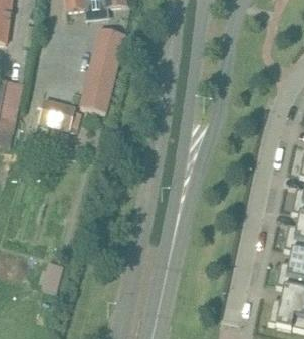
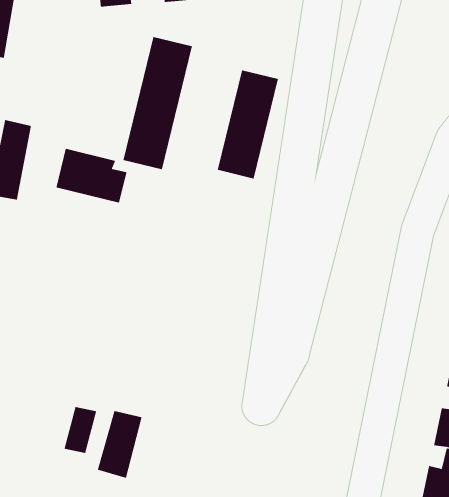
building: none -> [217,69,279,180]
building: none -> [97,410,143,479]

